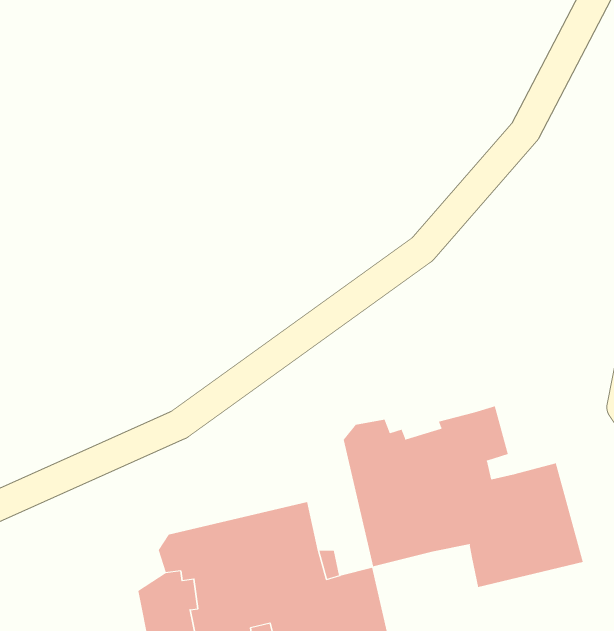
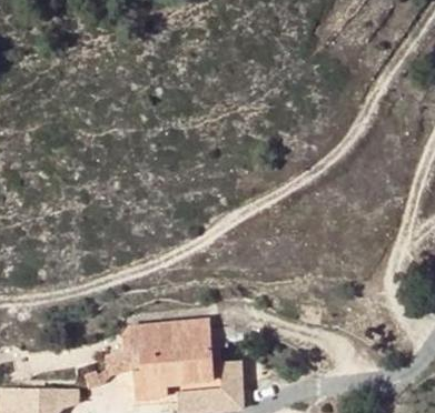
building: [343,405,583,588] -> none

